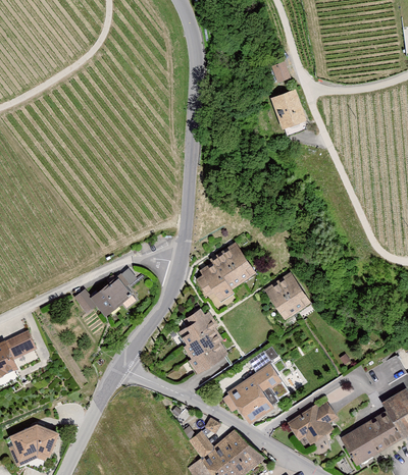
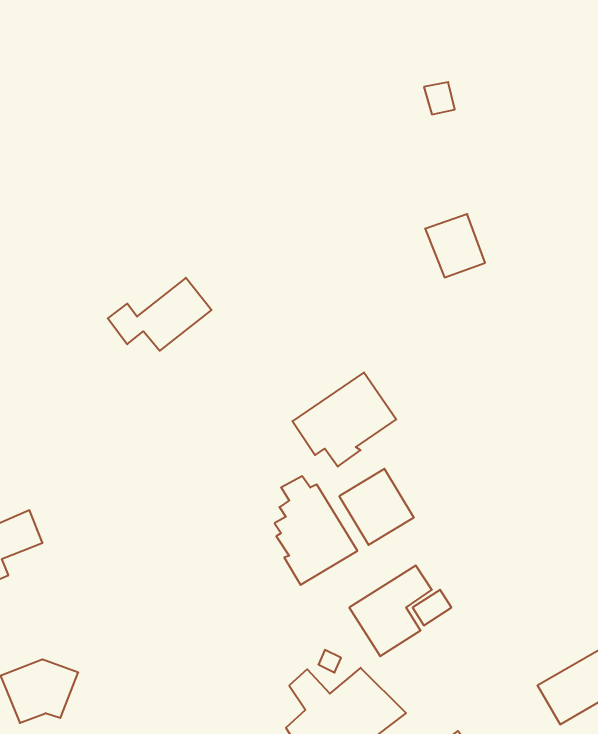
building: [269,90,307,129] -> [425,214,485,277]
building: [263,271,310,319] -> [339,469,414,545]
building: [71,272,137,318] -> [108,278,212,351]
building: [283,401,335,446] -> none

